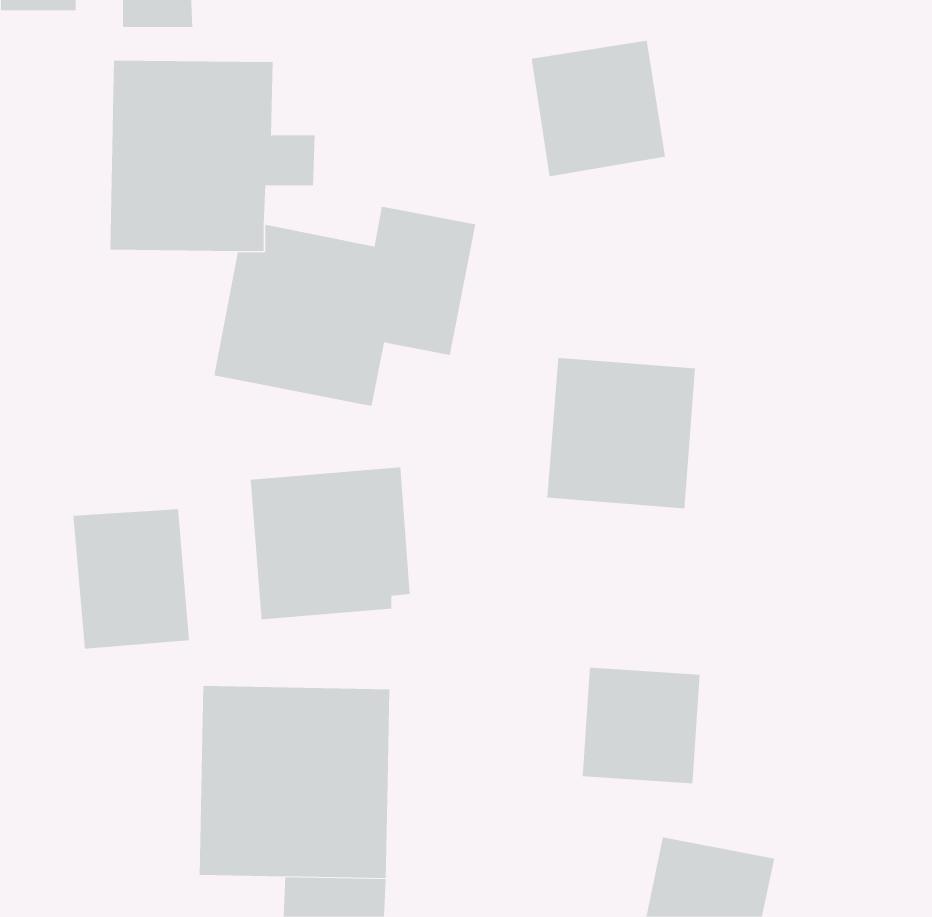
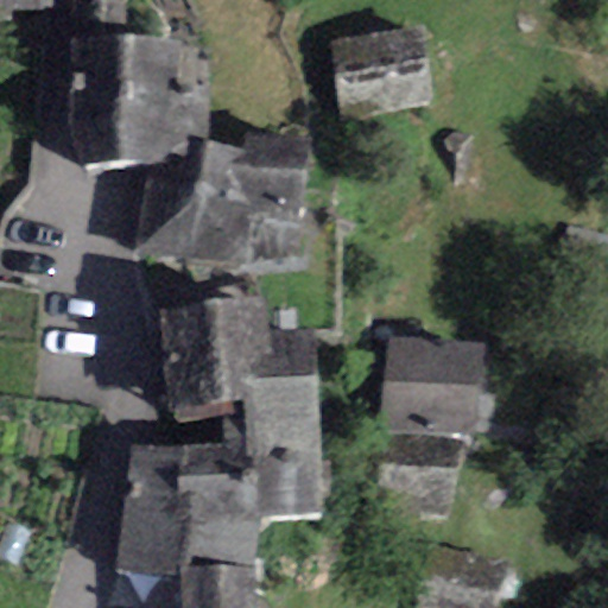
building: [546,357,696,509] -> [384,336,481,435]
building: [73,508,190,650] -> none
building: none -> [253,387,315,511]

